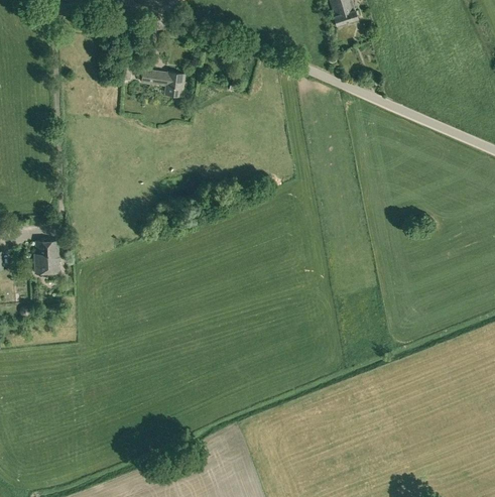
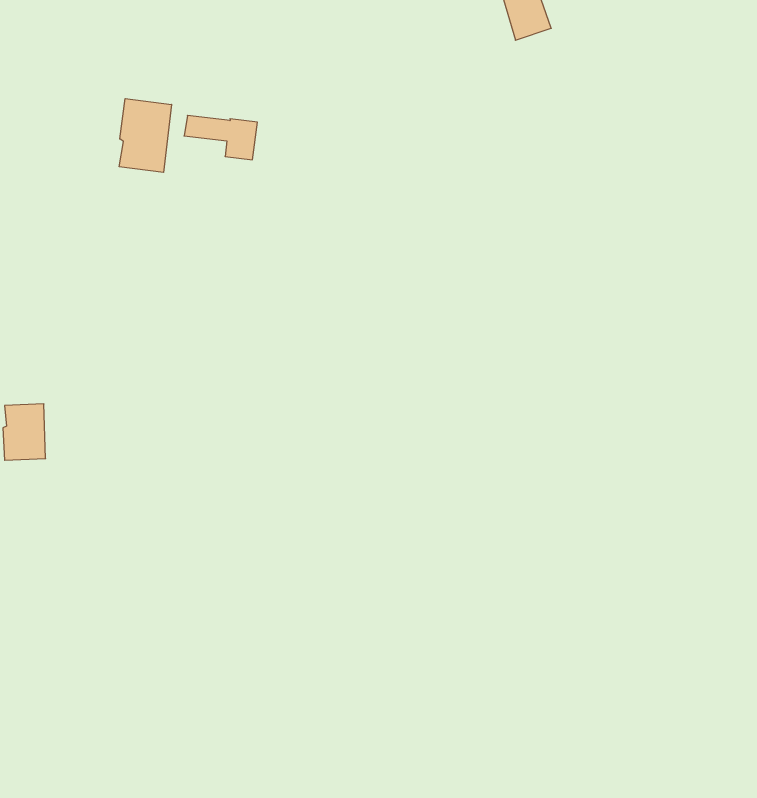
building: none -> [119,99,172,172]

